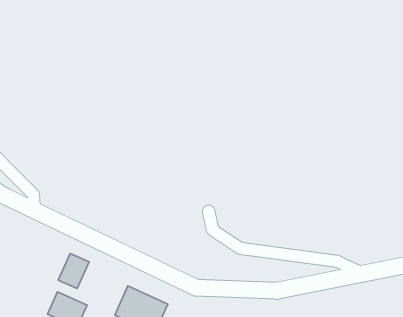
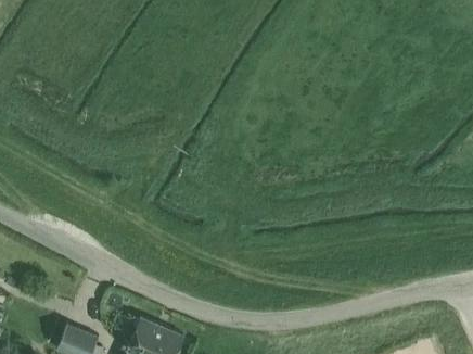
building: [58,254,89,288] -> none

